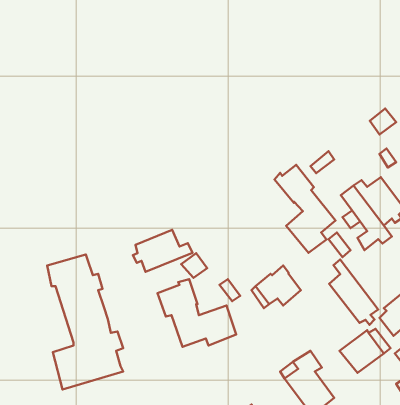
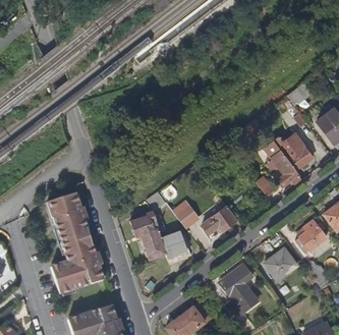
building: [275,165,335,253] -> none
building: [133,230,192,272] -> none
building: [329,259,378,325] -> none

